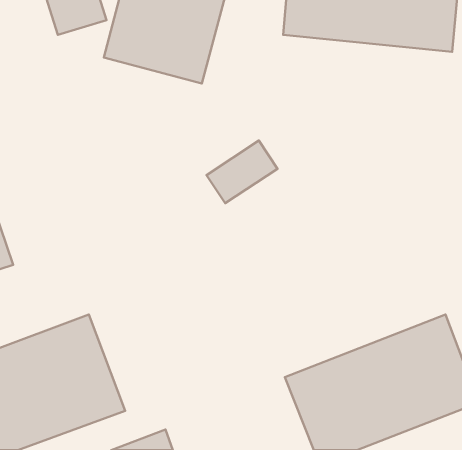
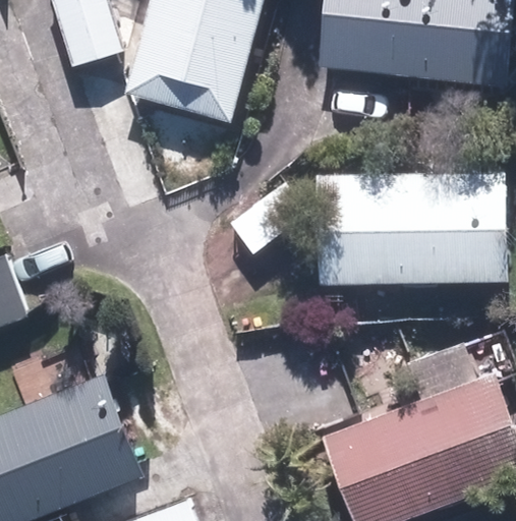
building: none -> [316,174,502,280]

